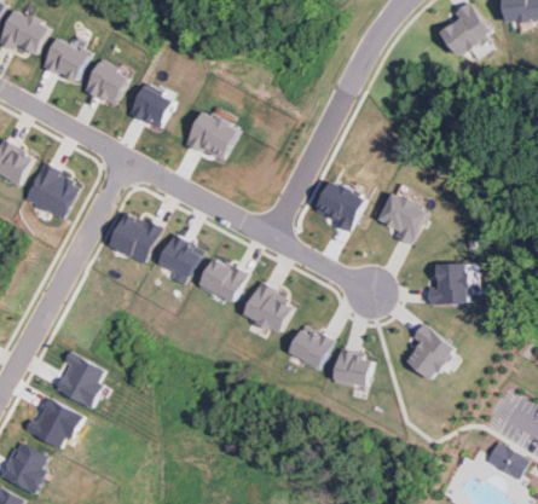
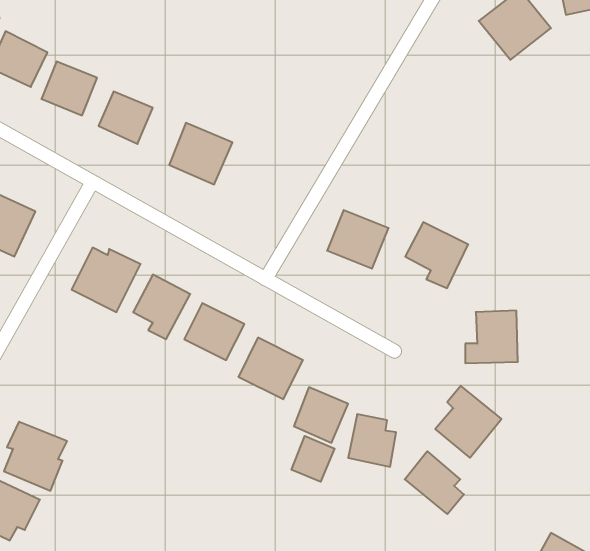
building: none -> [292,436,335,482]
building: none -> [405,451,464,514]

